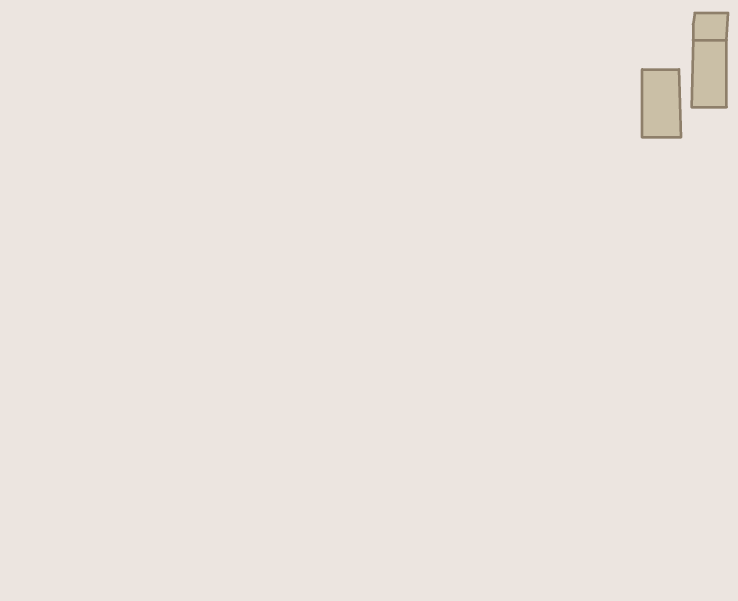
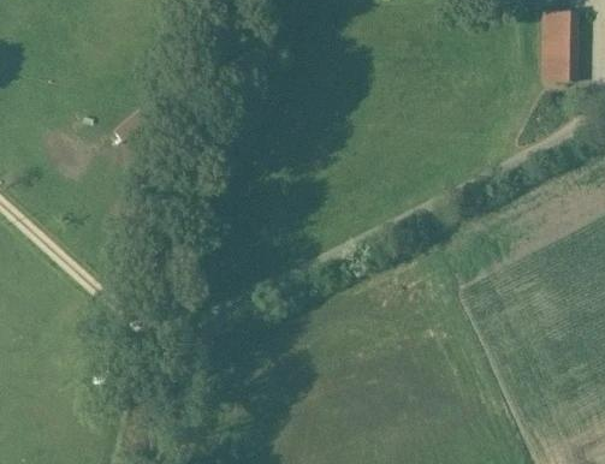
building: [642,69,681,137] -> none

